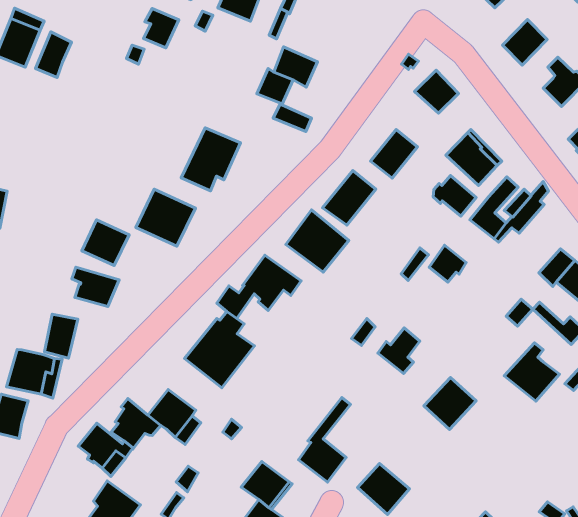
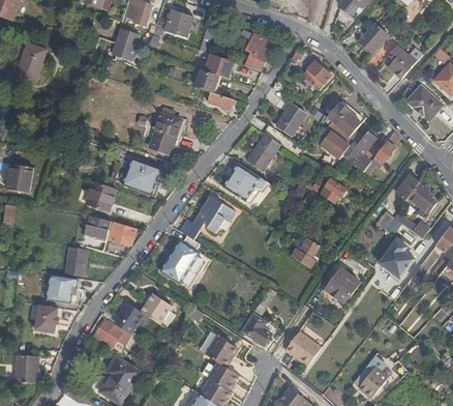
building: none -> [245,33,270,70]
building: [36,32,72,77] -> none
building: none -> [108,221,135,245]

